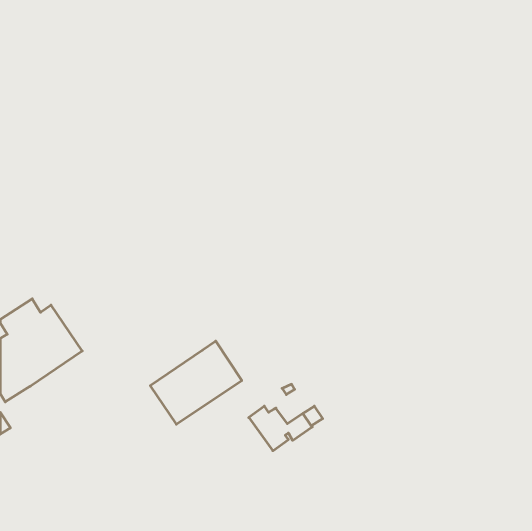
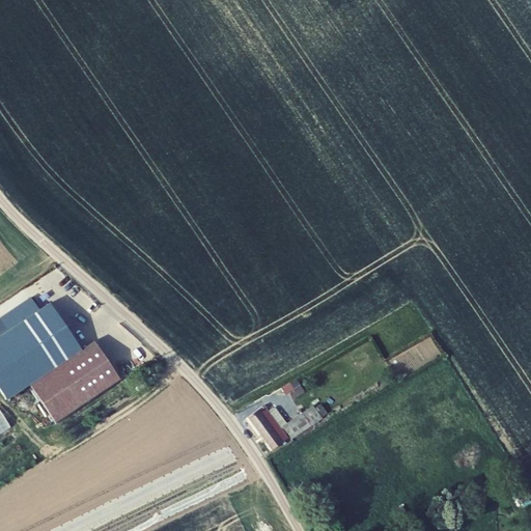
building: [150,341,242,424] -> [30,340,121,423]

